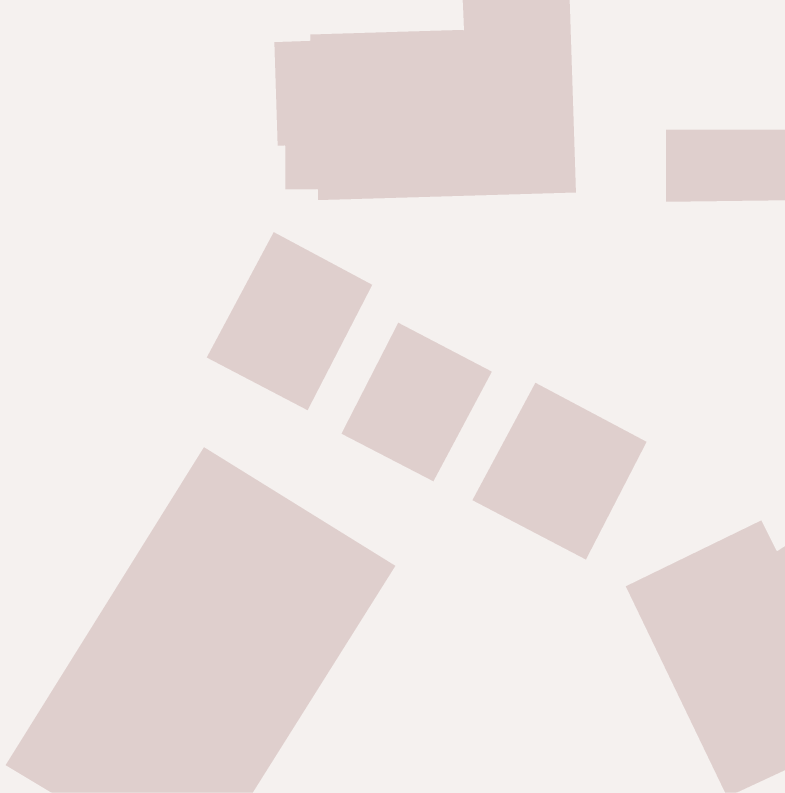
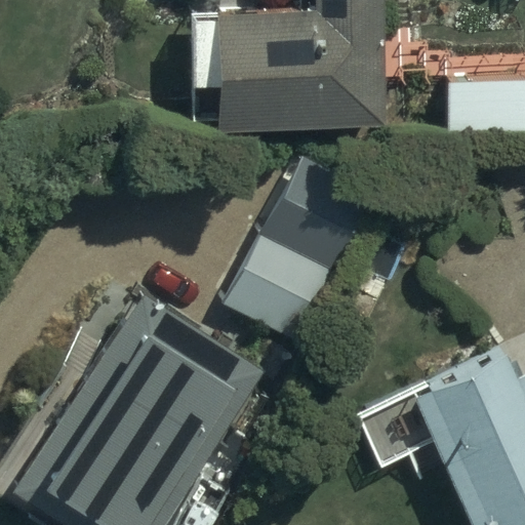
building: [206,231,373,411] -> none
building: [472,382,647,561] -> none

